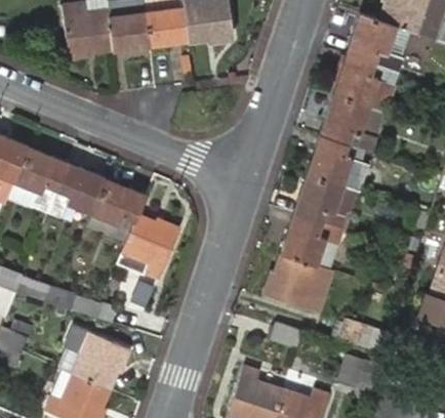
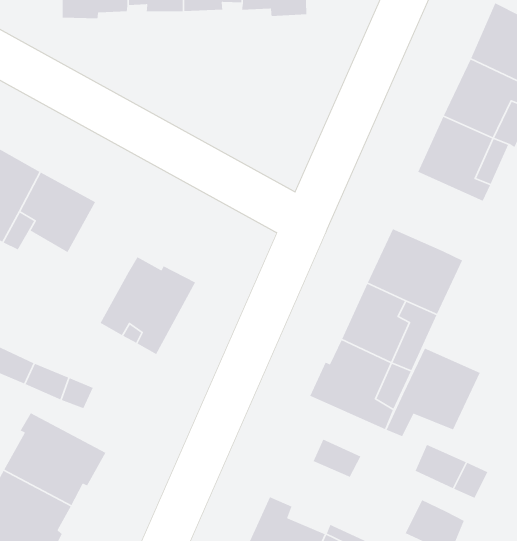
building: [308,135,367,186] -> none
building: [89,179,144,226] -> none
building: none -> [386,347,481,437]

